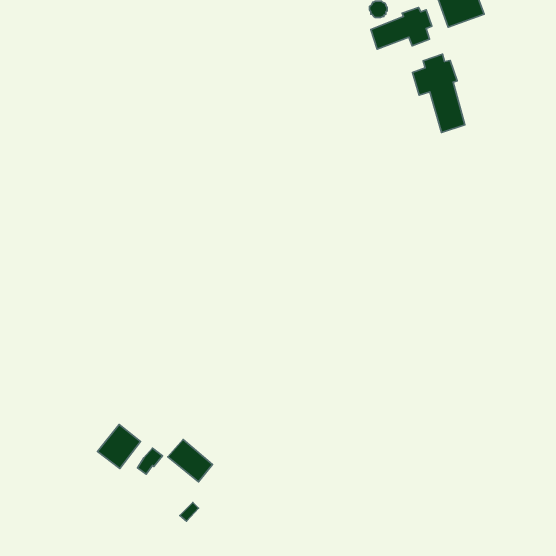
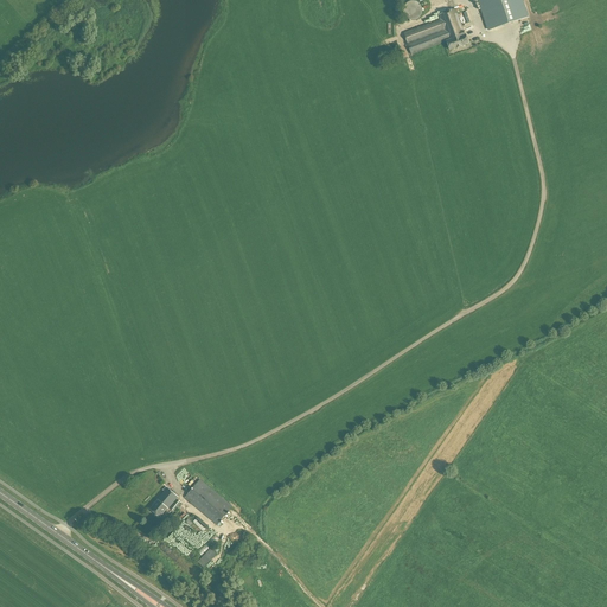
building: [412,54,465,133] -> none
building: [98,424,140,468] -> none

